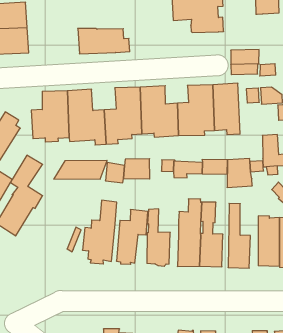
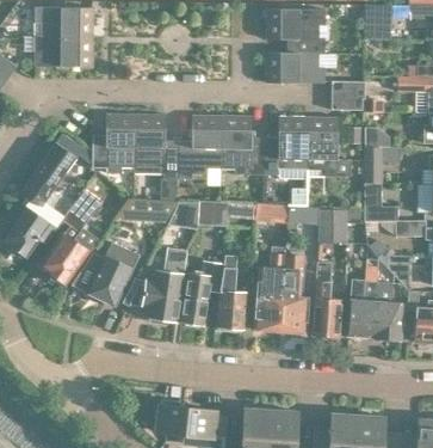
building: [78,28,130,54] -> [265,53,324,84]
building: none -> [363,146,383,182]
building: none -> [87,240,140,306]

